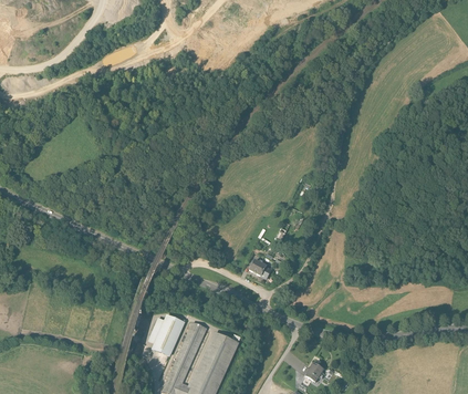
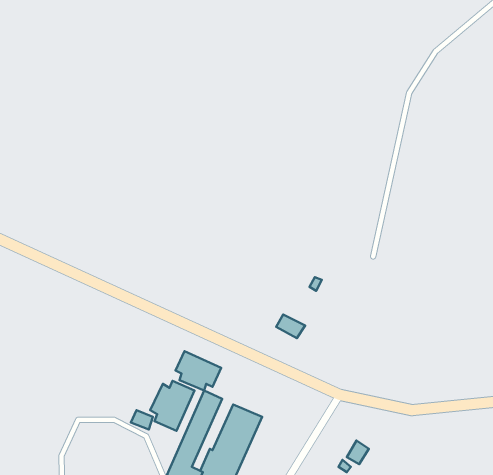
building: none -> [176,351,221,391]

